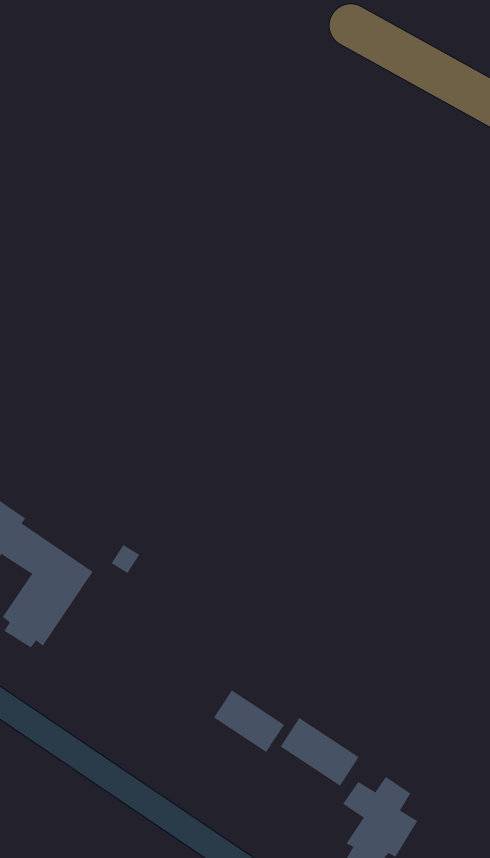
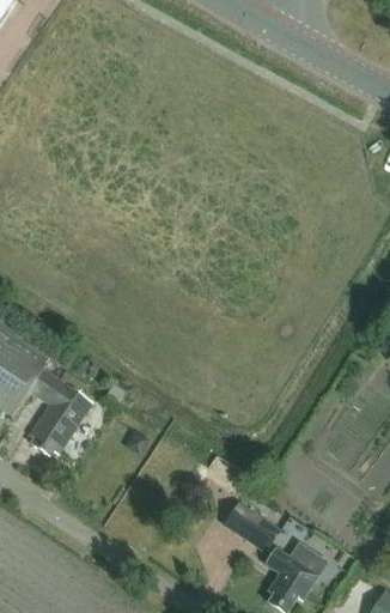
building: [213,690,285,753] -> none

